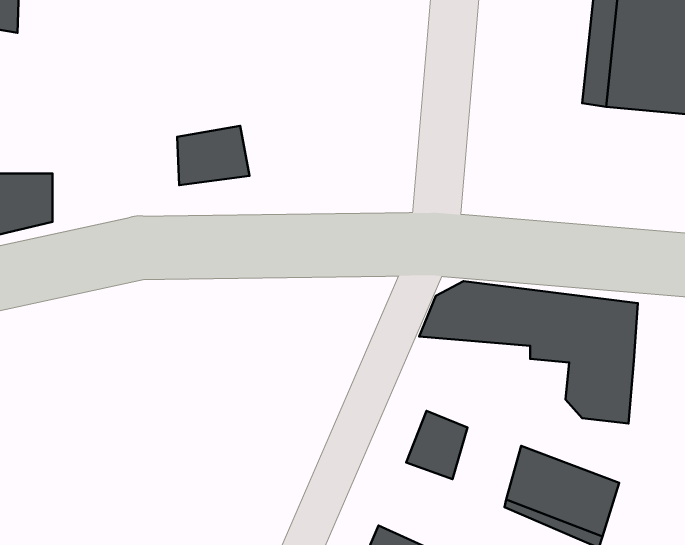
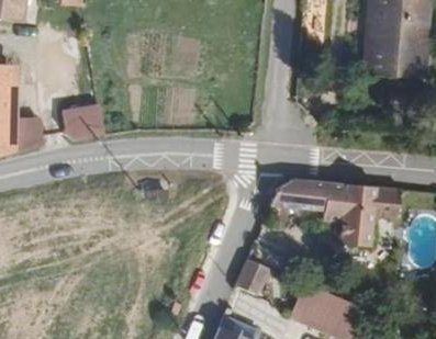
building: [177,126,249,185] -> [53,108,96,143]

